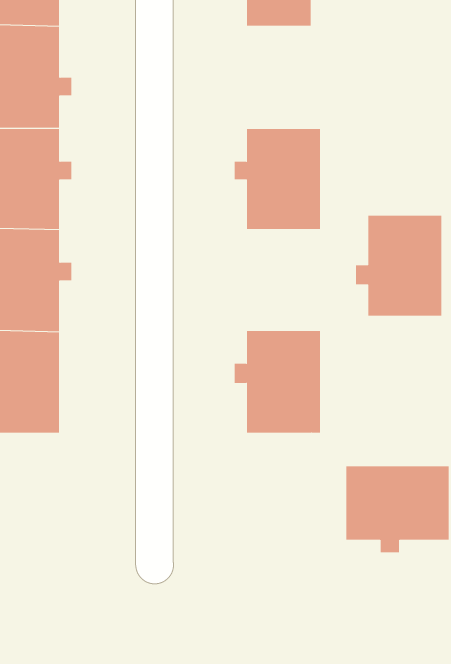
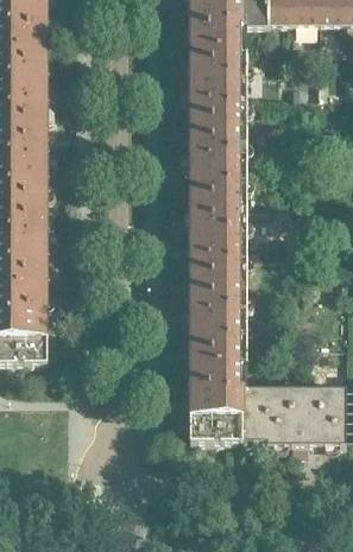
building: none -> [179,50,246,128]
building: [355,215,442,316] -> [179,205,246,283]
building: none -> [189,361,265,439]

